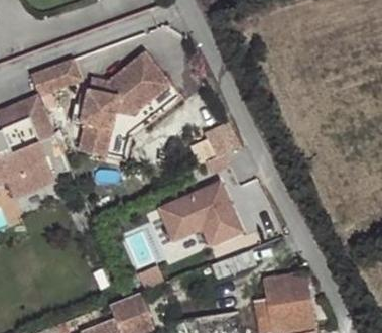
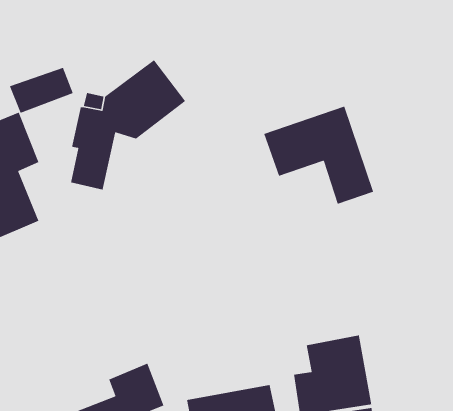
building: [154,181,242,259] -> [263,105,374,205]

